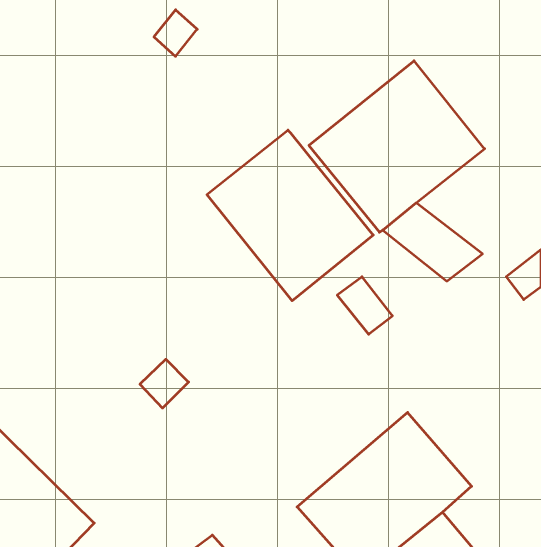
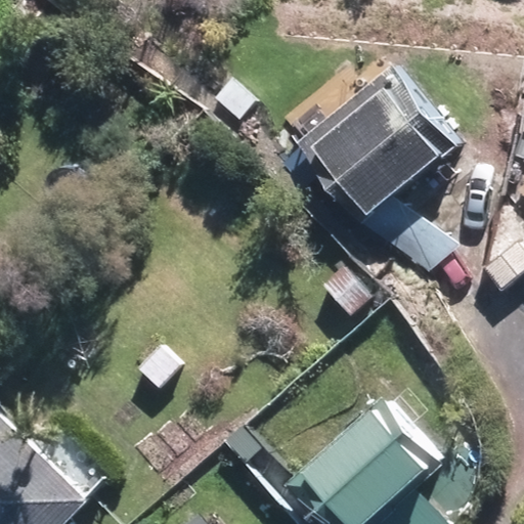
building: [207,130,373,301] -> none

